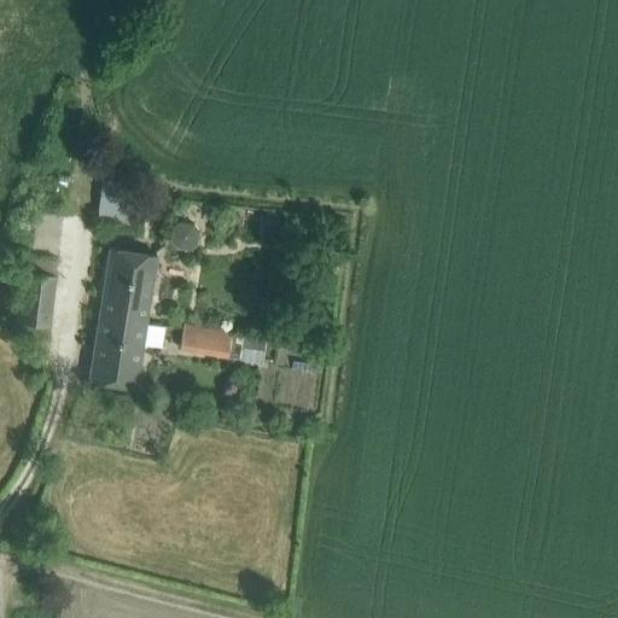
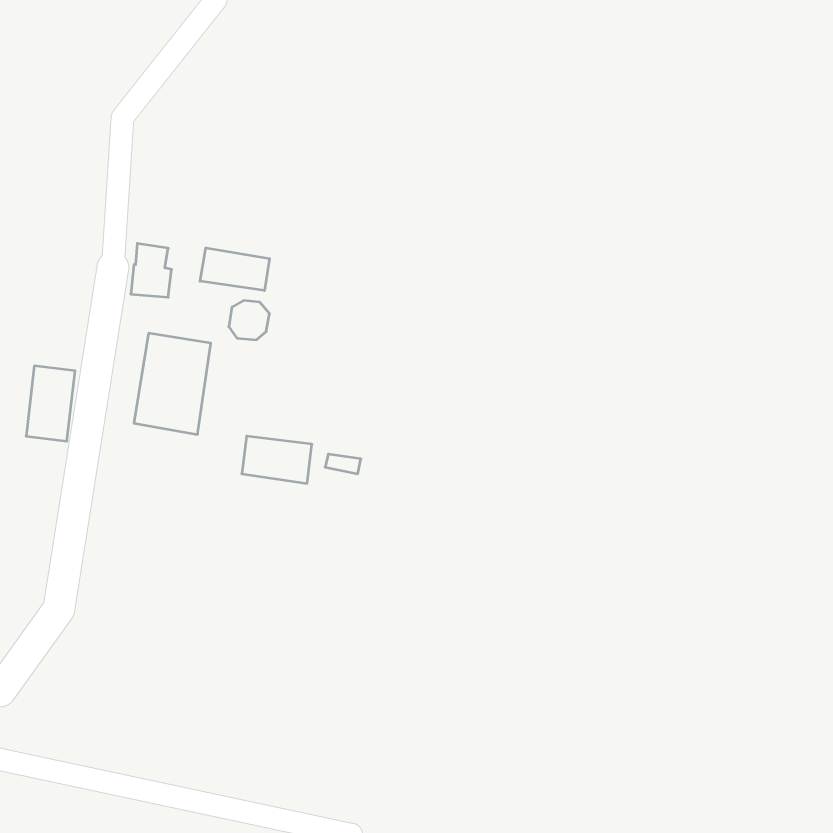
building: none -> [200,248,270,291]
building: [91,314,164,389] -> none

